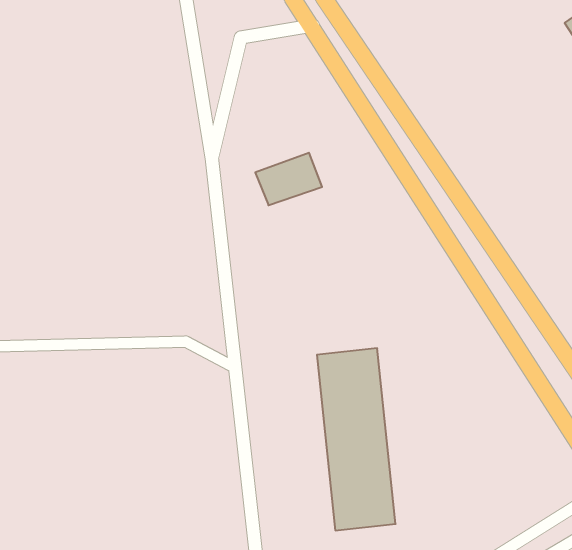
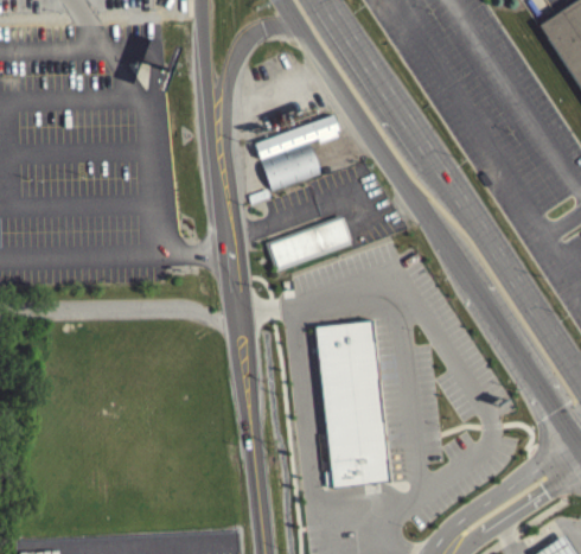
building: none -> [255,114,339,158]
building: none -> [266,214,352,270]

